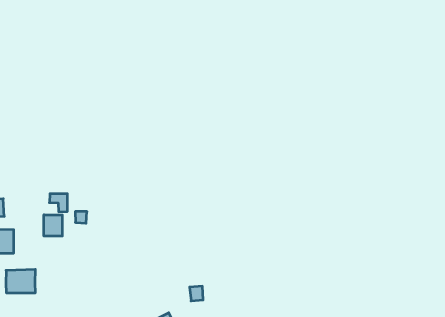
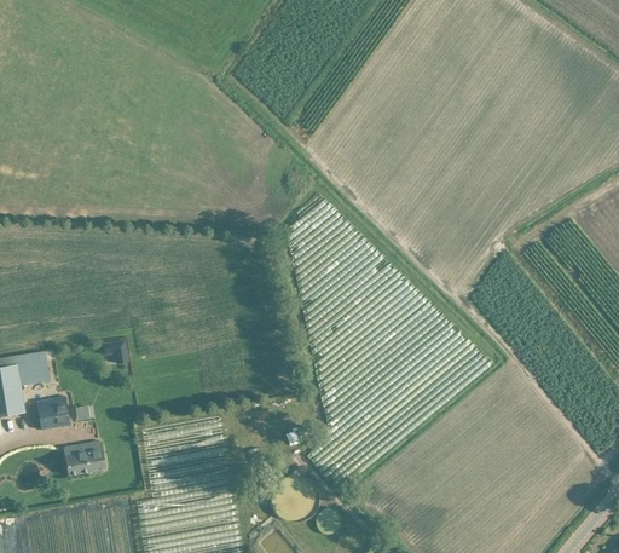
building: [44,215,62,236] -> none

